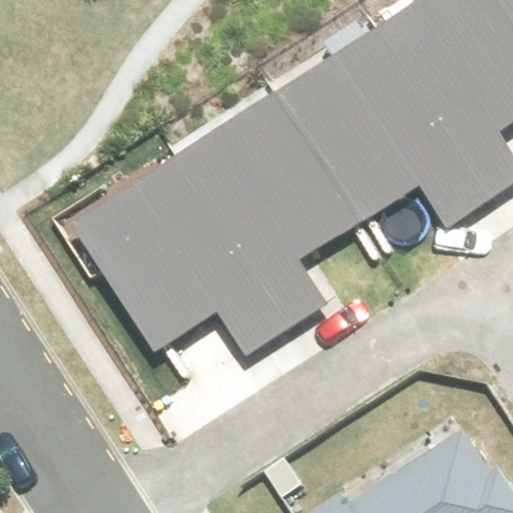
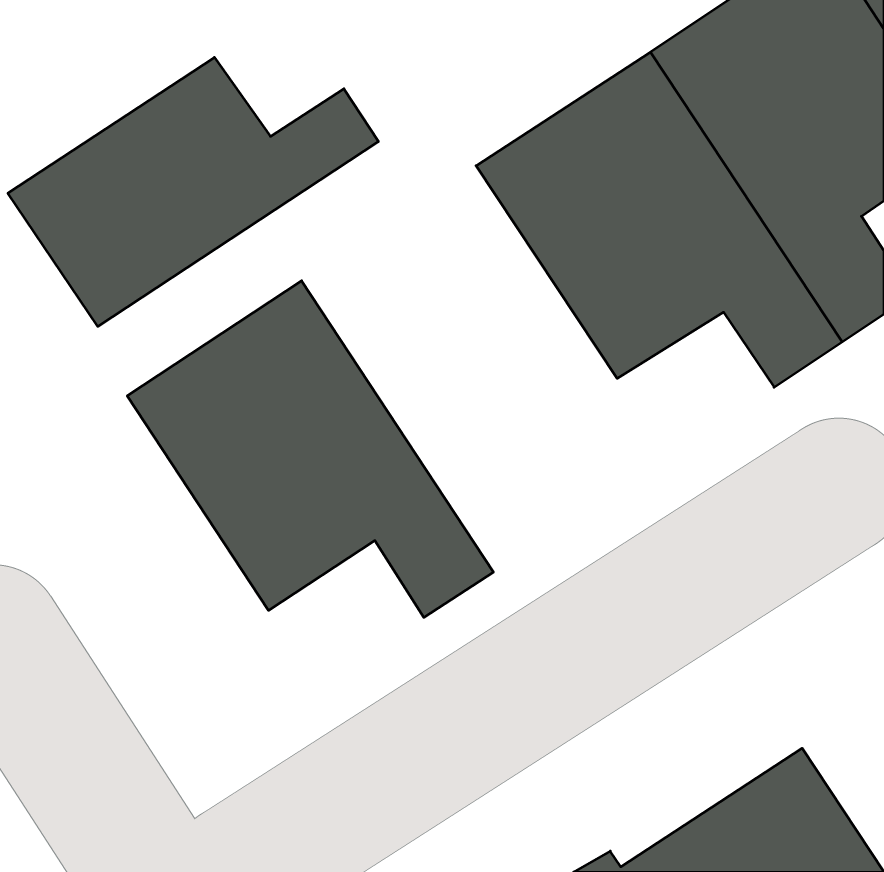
building: none -> [8,57,378,326]
building: [173,95,355,329] -> none

